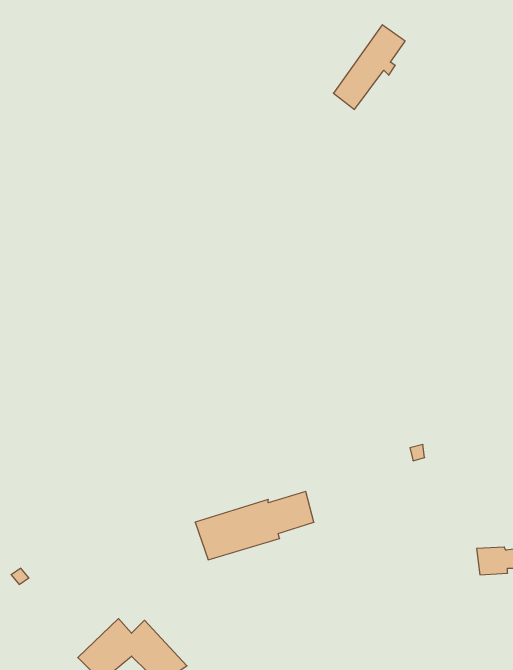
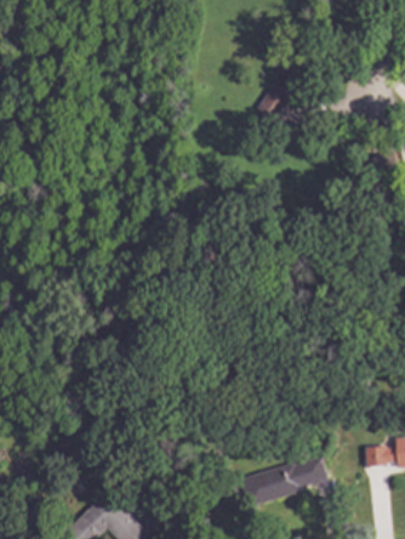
building: [195,491,314,560] -> [241,455,330,506]

